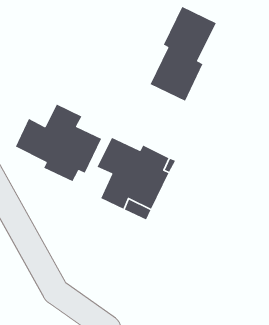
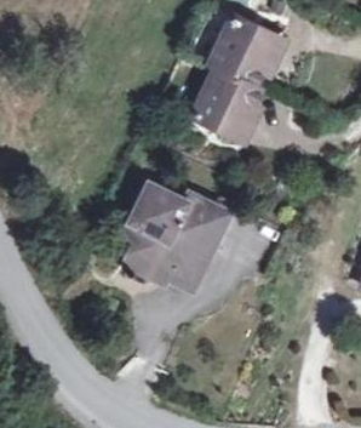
building: [15,103,102,182] -> none

